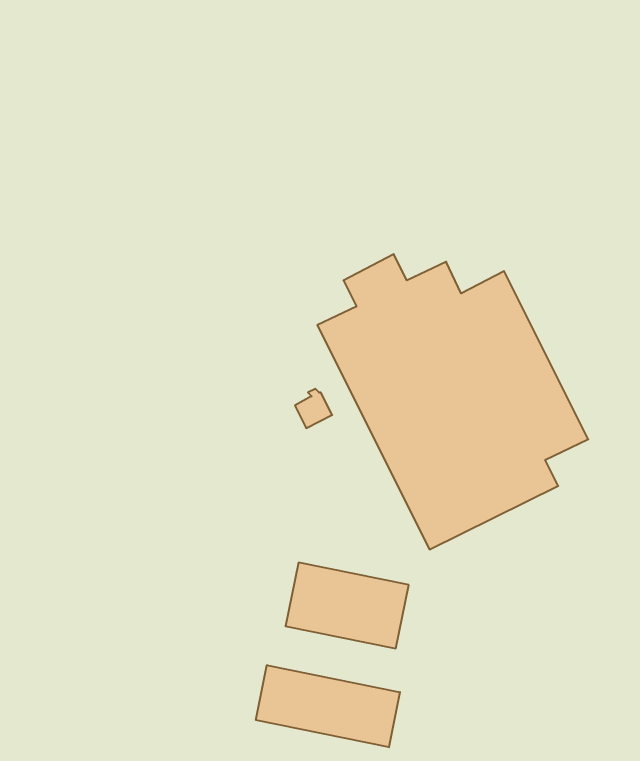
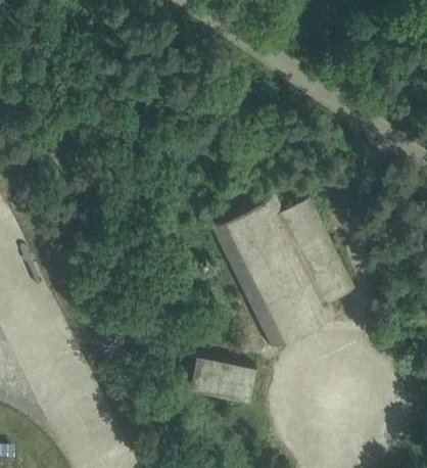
building: [256,665,400,747] -> none

